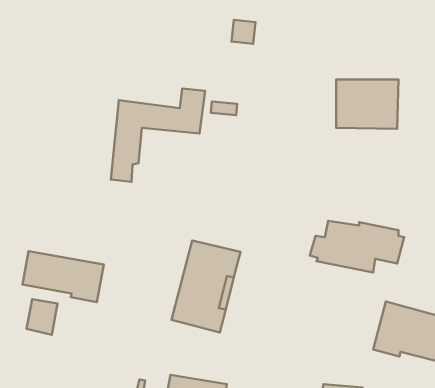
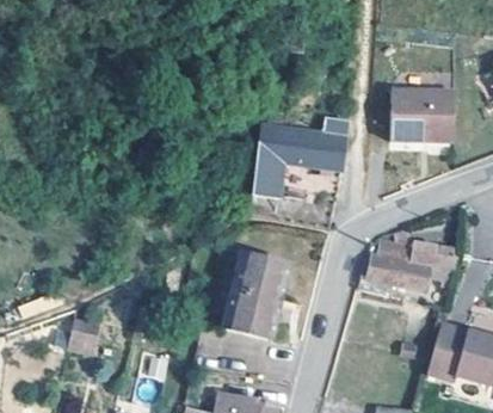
building: [111,89,205,182] -> [249,123,347,220]
building: [23,251,104,302] -> none

